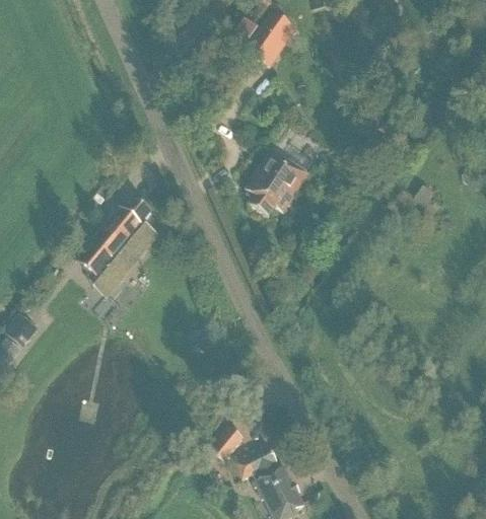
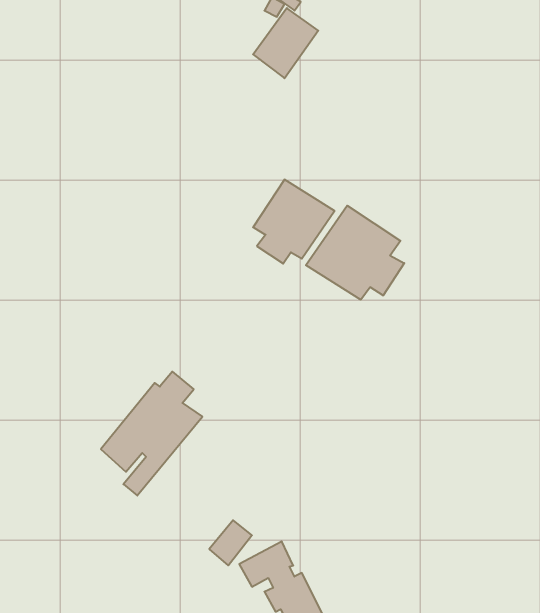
building: none -> [306,206,404,300]
building: [77,196,159,296] -> [101,372,202,496]

